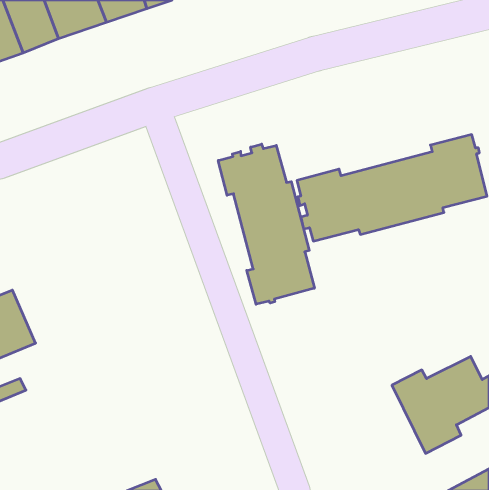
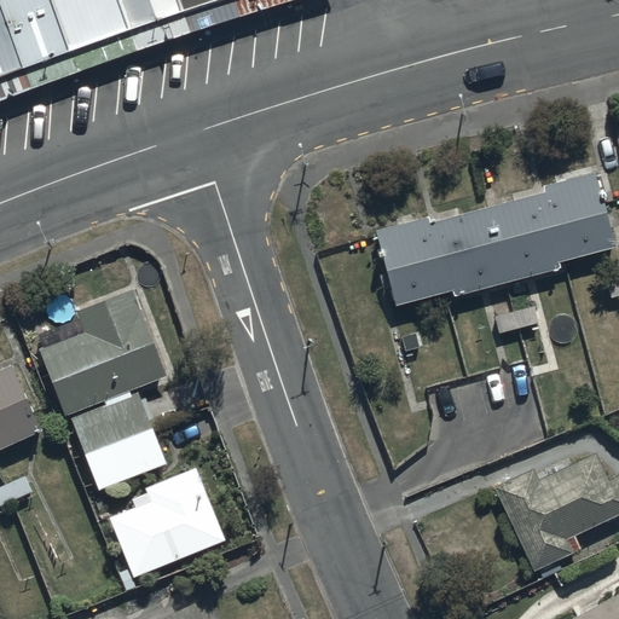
building: [218,144,314,304] -> none
building: none -> [39,287,168,490]
building: none -> [109,469,226,579]

